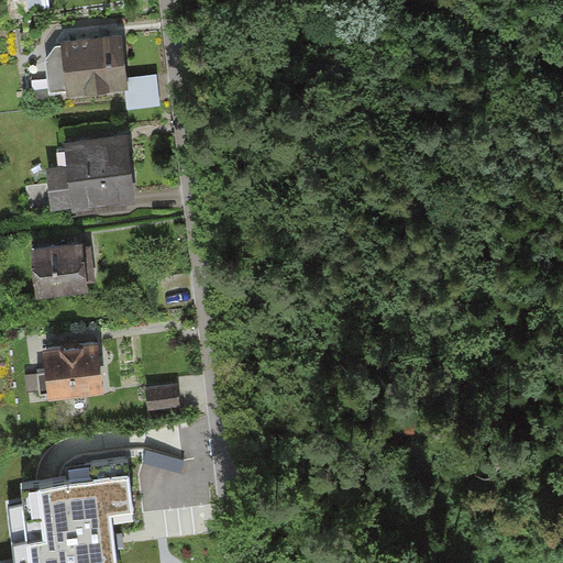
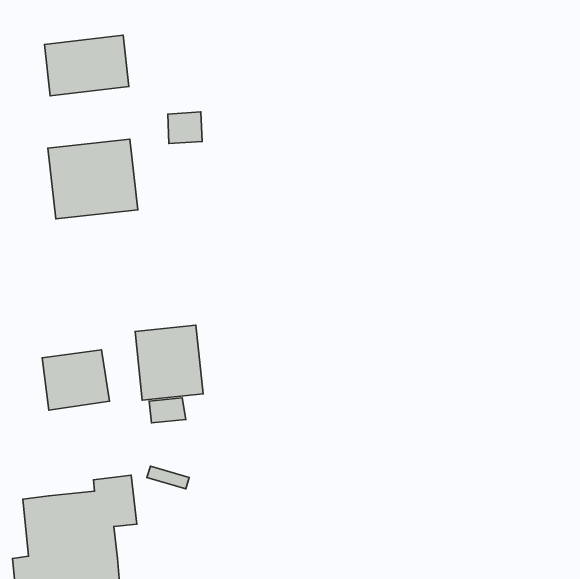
building: [126,76,159,107] -> [168,112,202,144]
building: [30,244,91,300] -> none
building: none -> [135,325,203,400]

